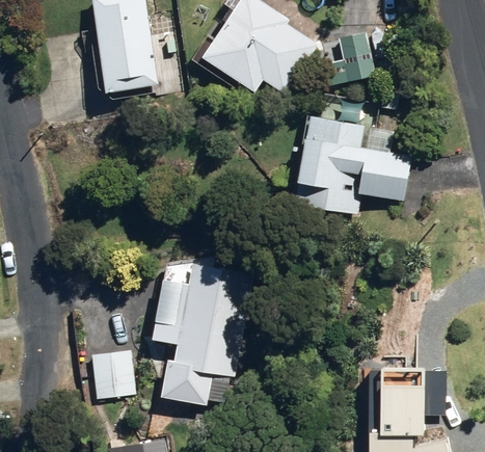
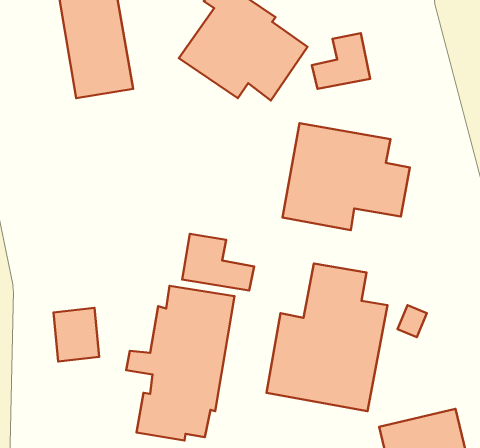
building: none -> [182,234,254,290]
building: none -> [266,263,387,411]
building: [89,349,131,398] -> [54,308,99,361]

